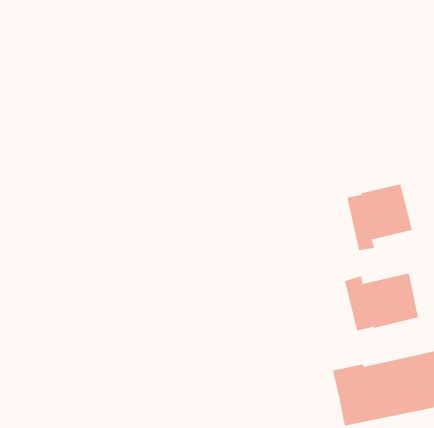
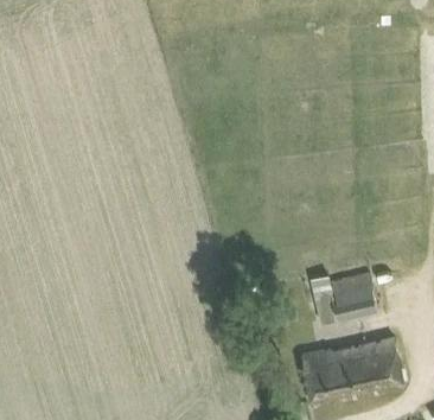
building: [347,183,412,251] -> none

